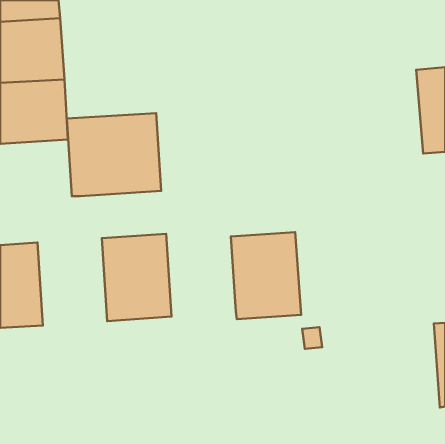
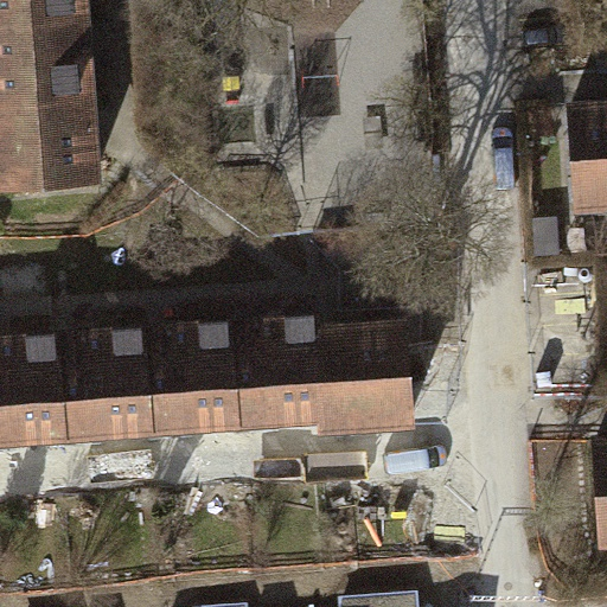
building: [67,113,161,196] -> none
building: none -> [226,314,321,433]
building: none -> [51,326,146,445]

